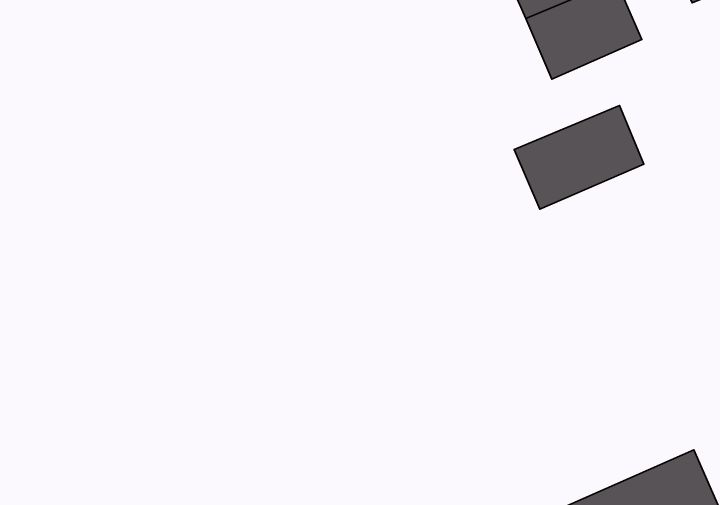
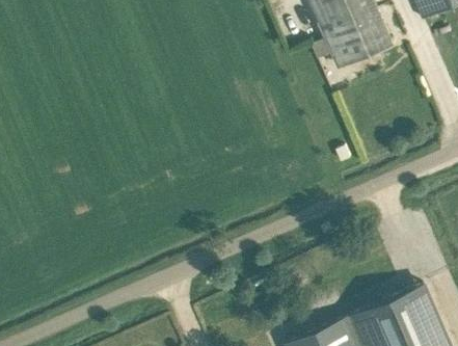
building: [514,106,644,209] -> none

